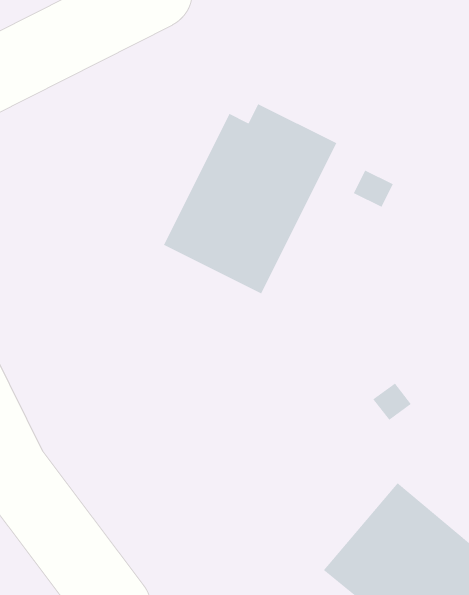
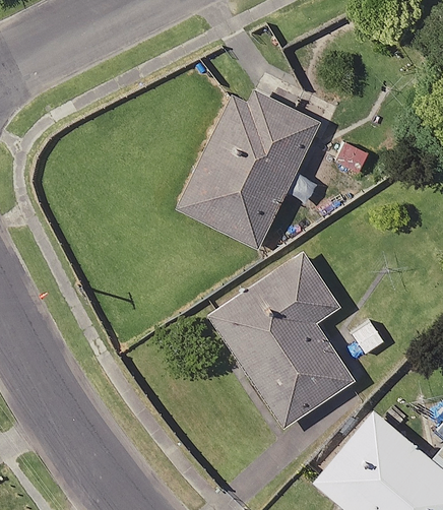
building: none -> [210,253,354,426]

